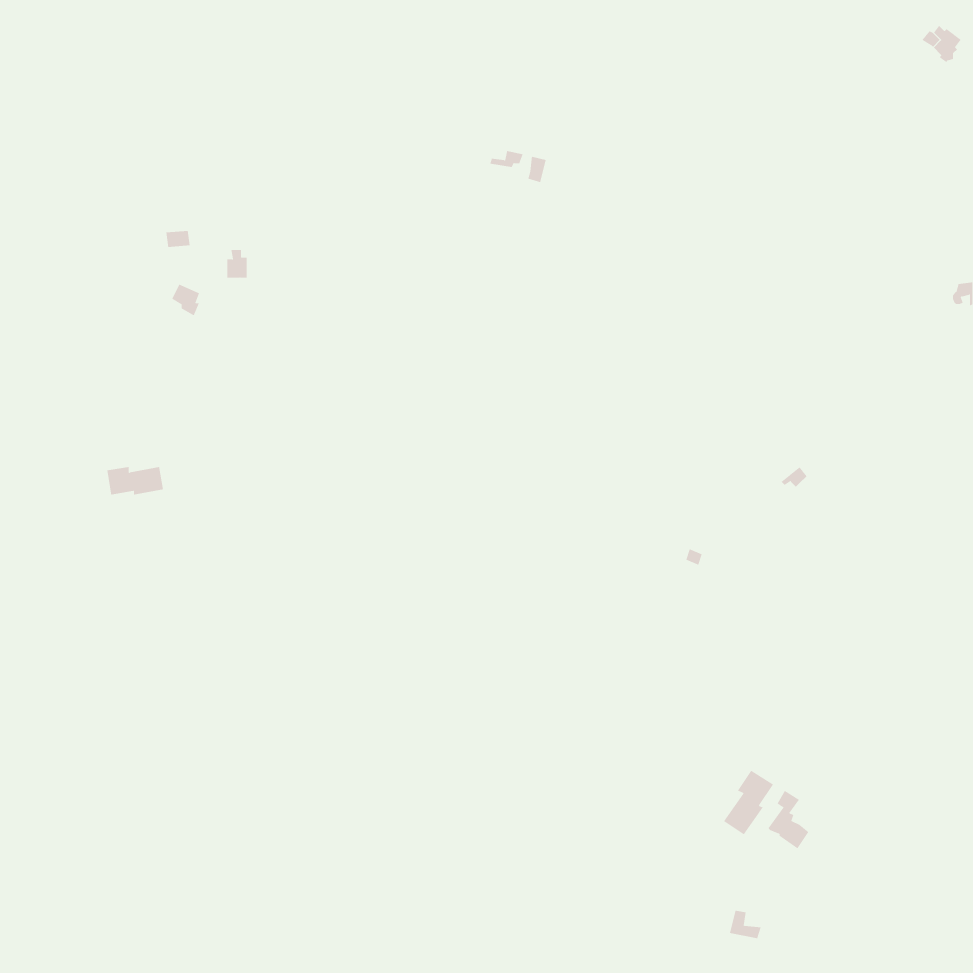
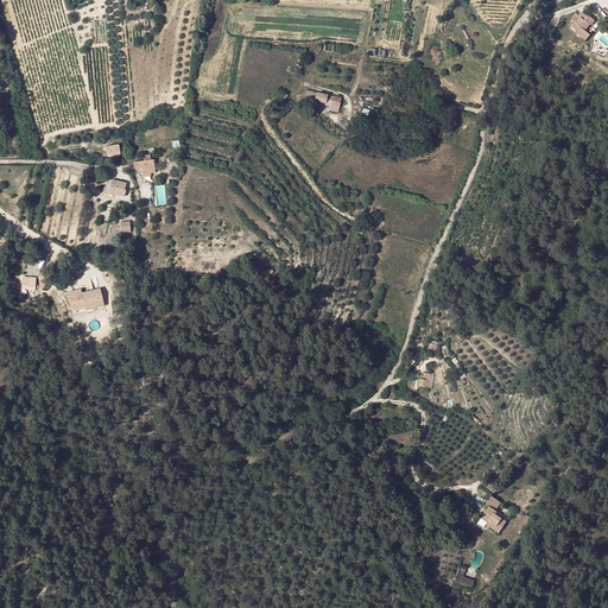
building: [723,770,774,835] -> none

